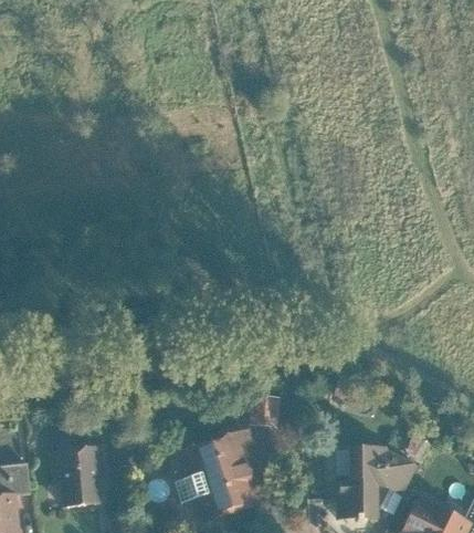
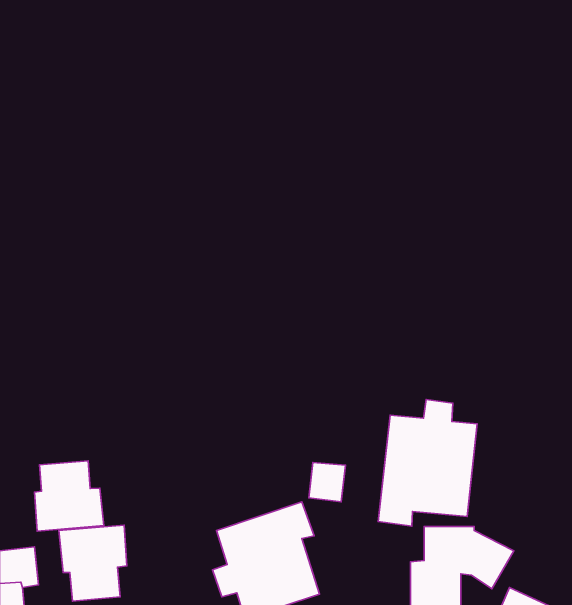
building: none -> [378,400,477,526]
building: none -> [35,461,104,531]

